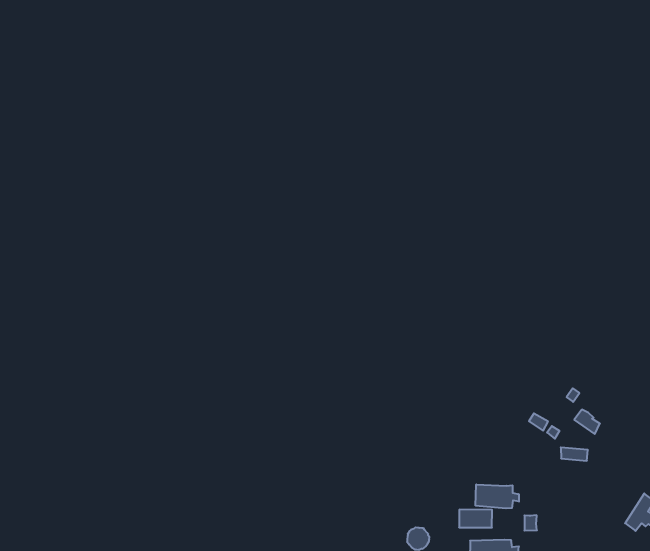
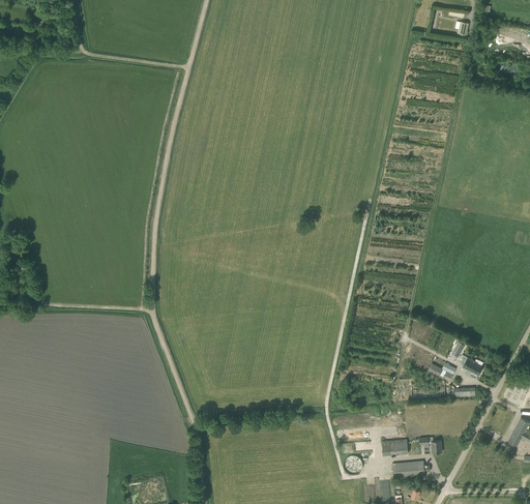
building: [476,484,519,508] -> none

